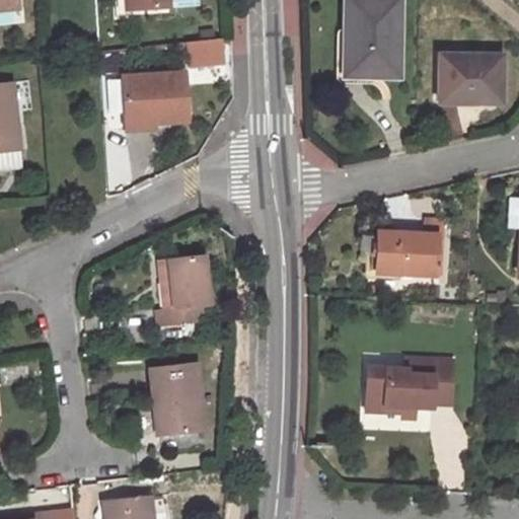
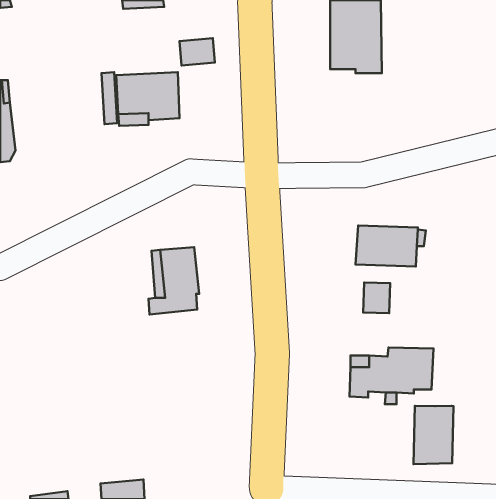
building: [442,49,504,96] -> none
building: none -> [363,282,390,313]
building: [152,362,204,432] -> none
building: none -> [414,406,453,464]

